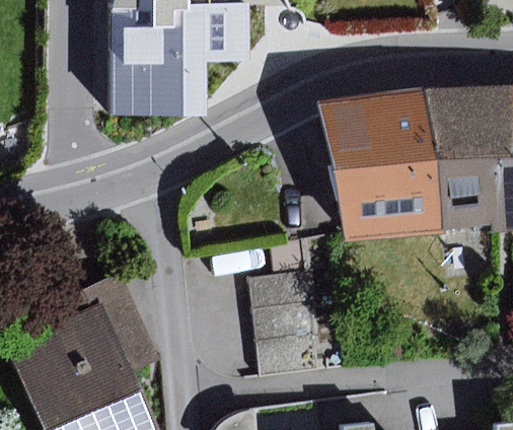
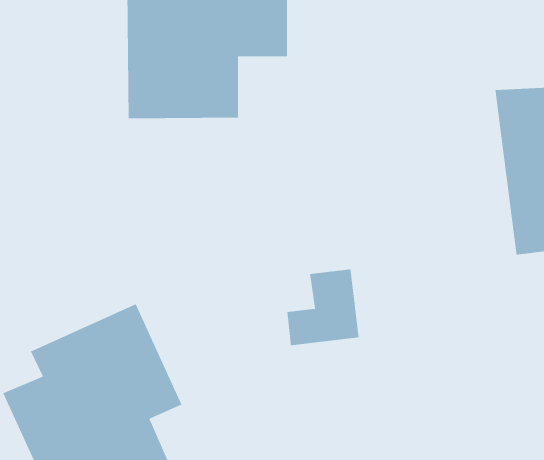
building: [318,90,442,243] -> none
building: [250,301,317,375] -> none

